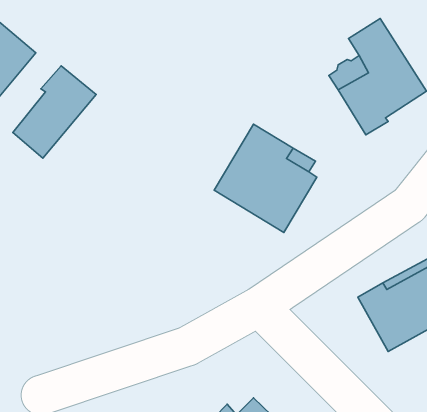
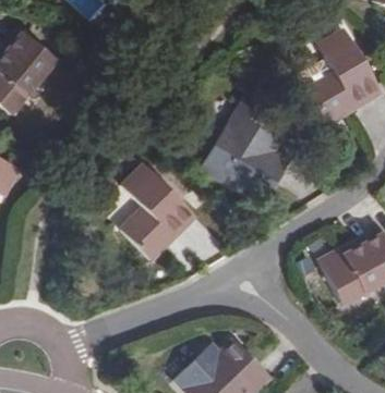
building: [13,66,96,158] -> none
building: none -> [122,163,193,260]

